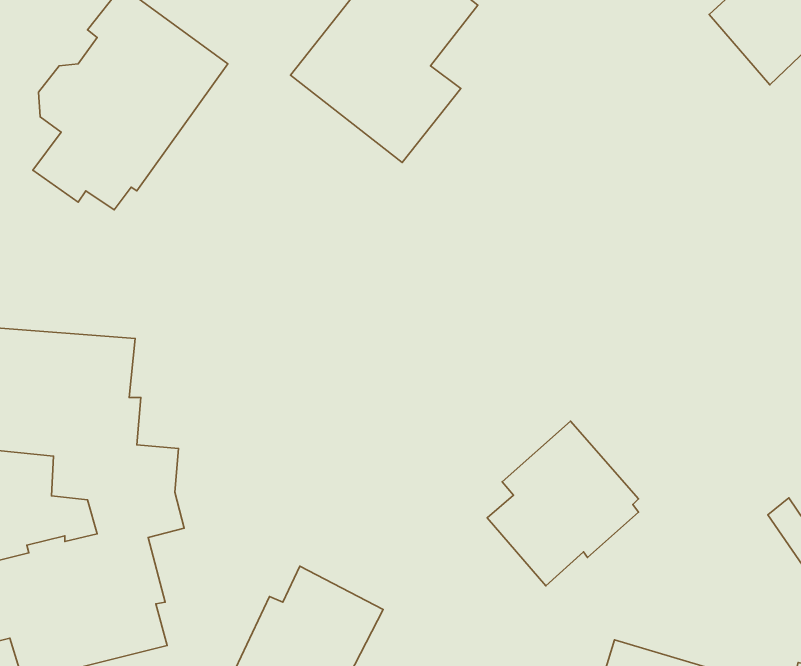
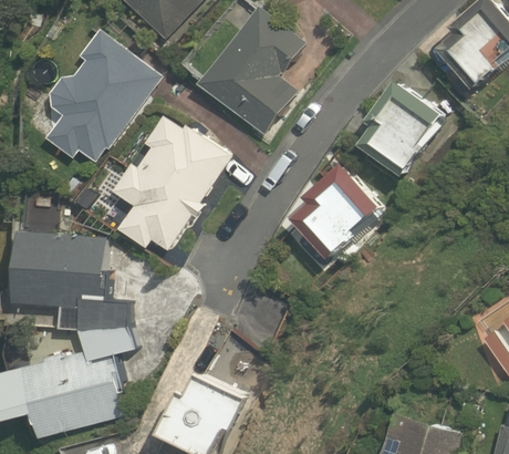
building: none -> [362,79,446,175]
building: none -> [112,115,231,250]
building: [487,421,639,586] -> [298,161,386,257]

